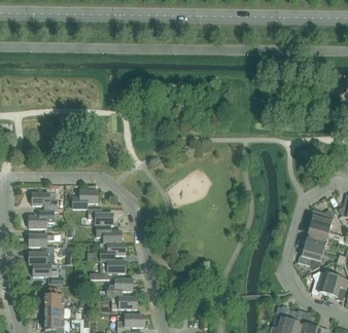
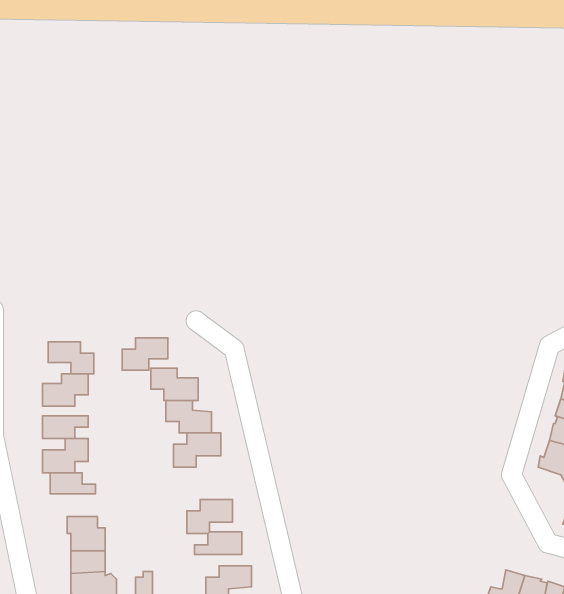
building: [90,261,126,279] -> none

